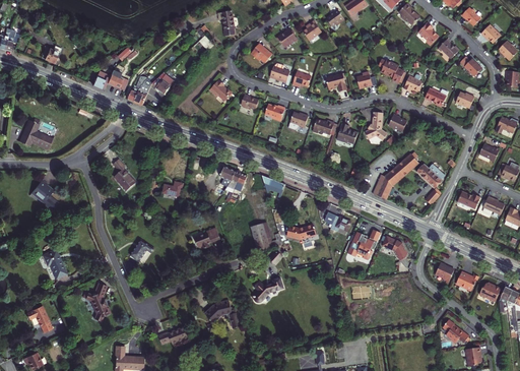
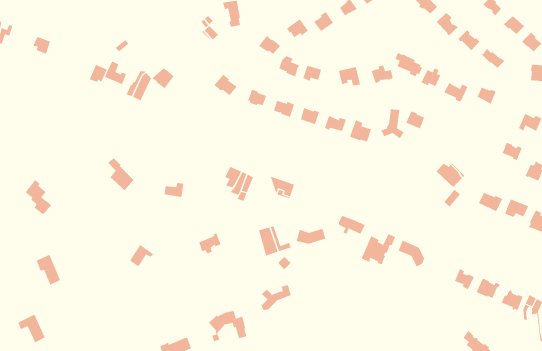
building: [19,118,52,148] -> none
building: [372,152,420,199] -> none
building: [86,283,111,322] -> none

